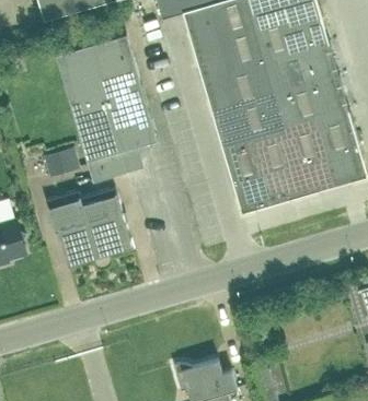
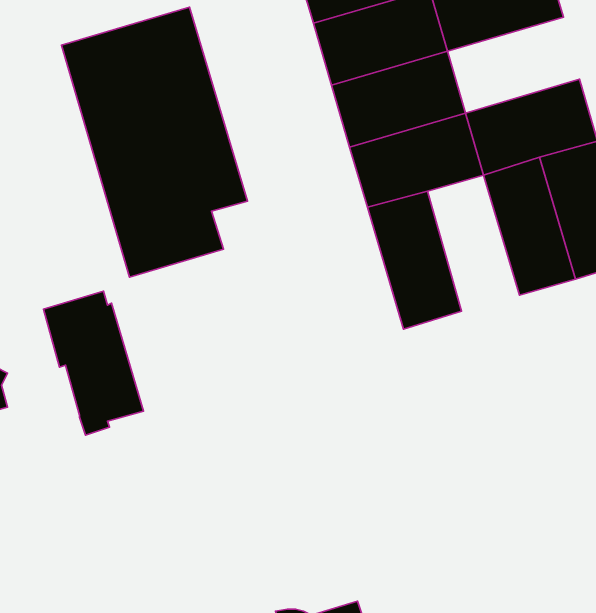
building: [266,42,338,94] -> none
building: [255,128,306,202] -> none
building: [82,189,133,257] -> none

